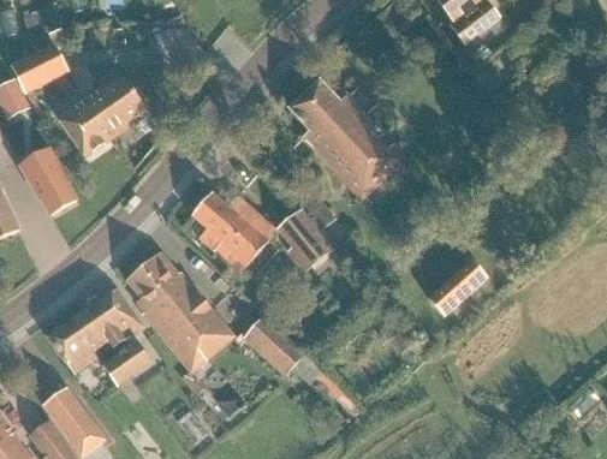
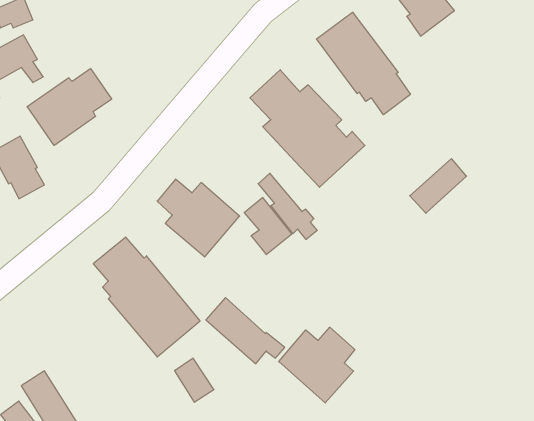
building: none -> [317,12,410,115]
building: [427,258,486,315] -> [410,159,467,213]
building: [46,287,150,385] -> none
building: none -> [279,327,355,403]

